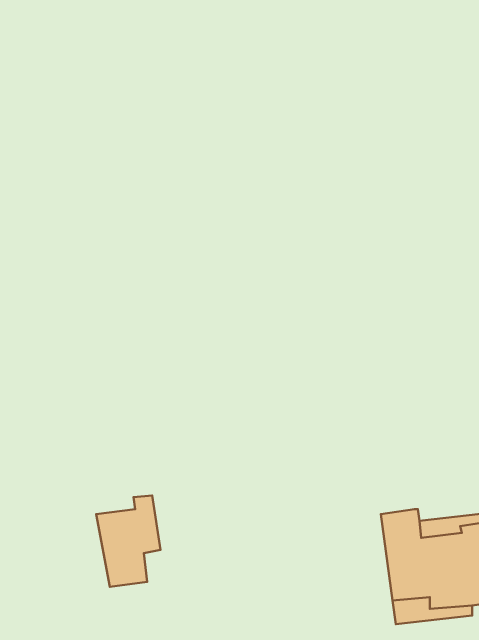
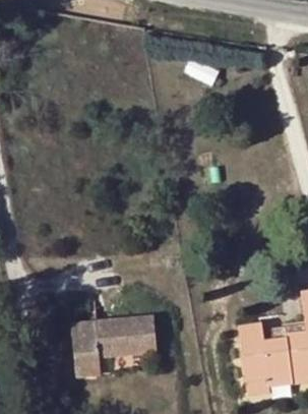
building: none -> [102,311,152,352]

